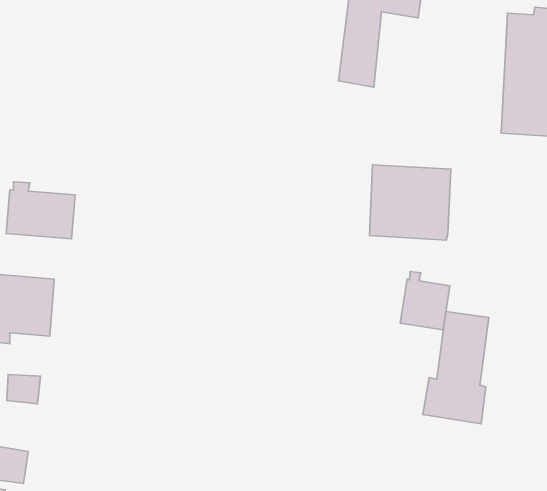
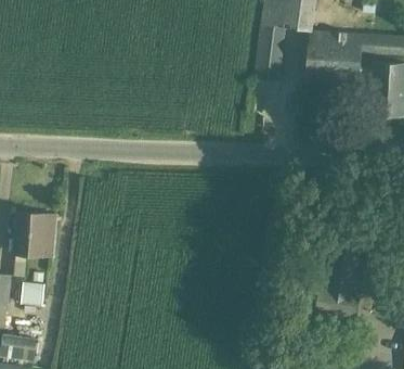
building: [369,165,451,240] -> [303,31,361,85]
building: [6,182,75,239] -> none
building: [400,271,450,330] -> none

